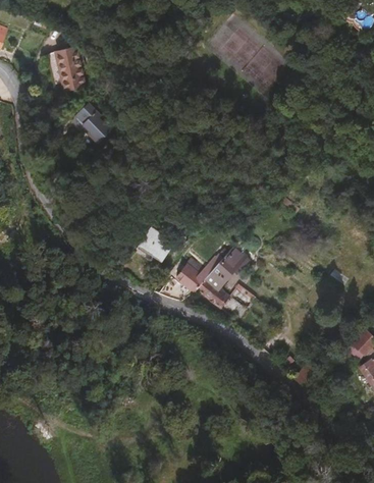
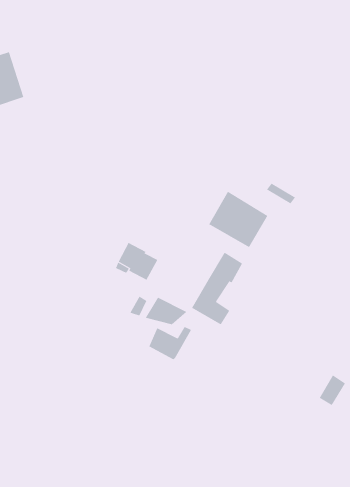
building: [70,97,109,143] -> none
building: none -> [208,191,268,248]
building: [178,260,217,289] -> [149,326,192,360]

